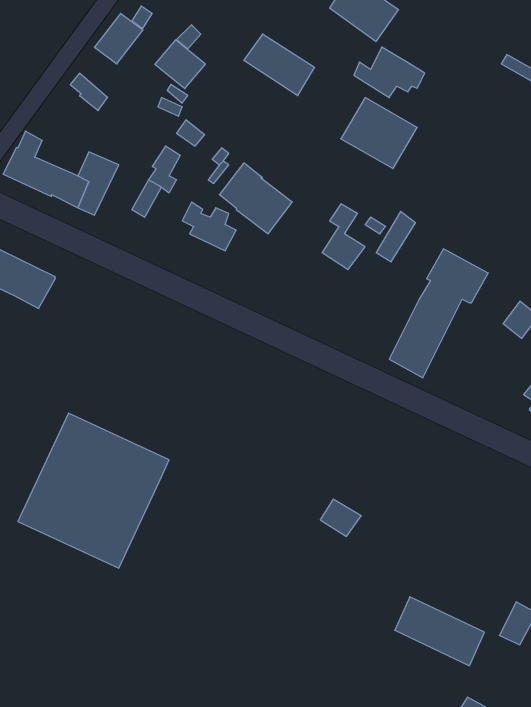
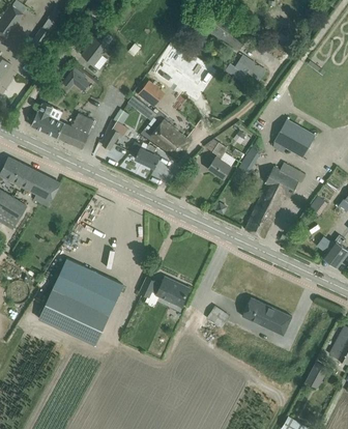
building: [155,40,205,89] -> [138,81,166,108]
building: [341,98,417,169] -> [273,119,316,159]
building: none -> [141,278,190,306]
building: [395,597,484,666] -> [242,297,292,336]

